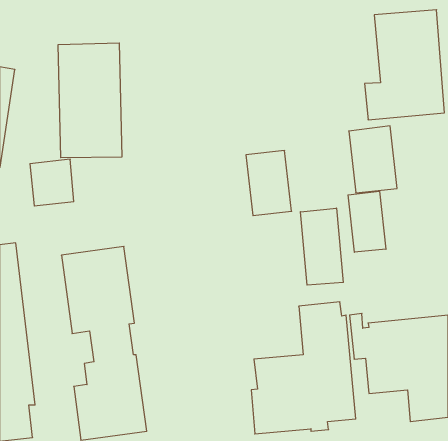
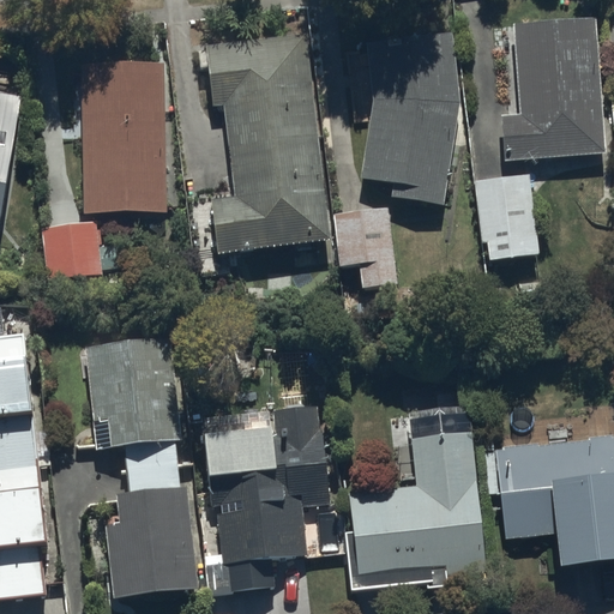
building: none -> [359,29,460,205]
building: none -> [193,31,330,255]
building: [348,191,386,252] -> none
building: [300,208,343,285] -> none
building: none -> [198,404,330,595]

